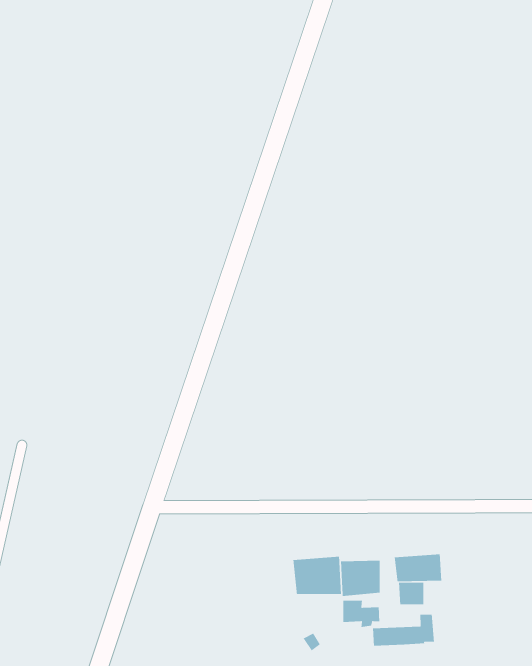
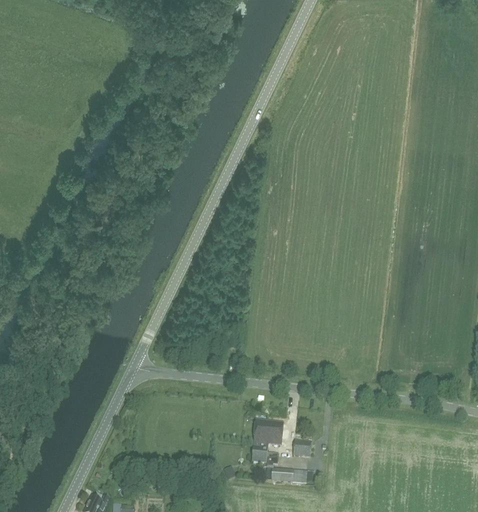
building: [394,554,442,582] -> none
building: [292,556,342,595] -> none

